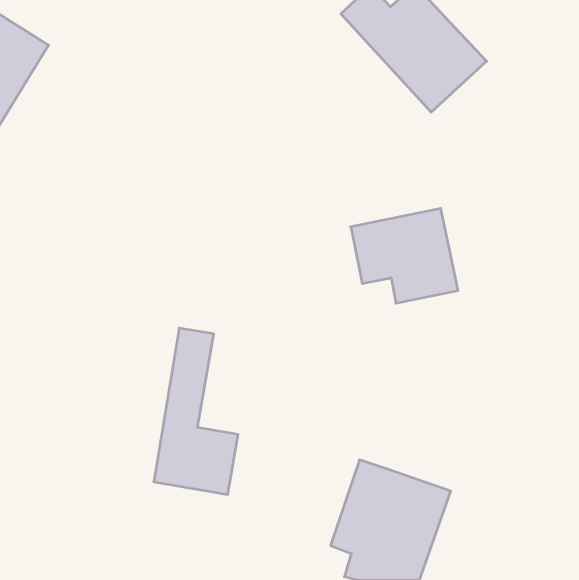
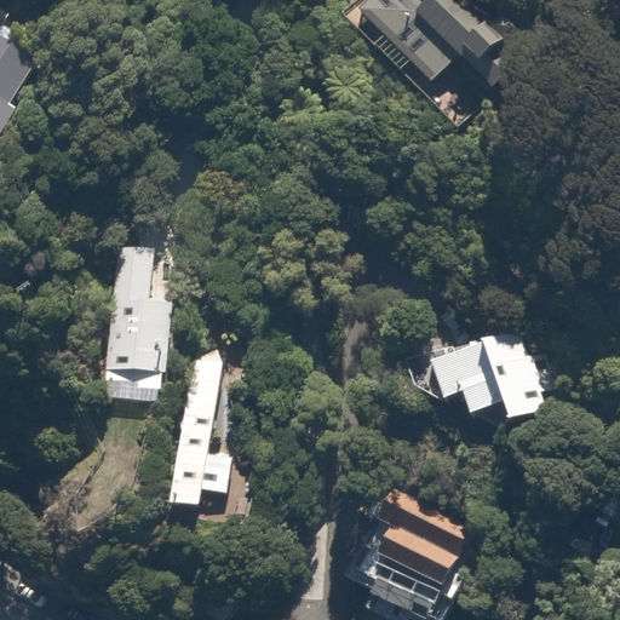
building: [351,208,458,303] -> [432,335,545,435]
building: none -> [92,241,179,395]

